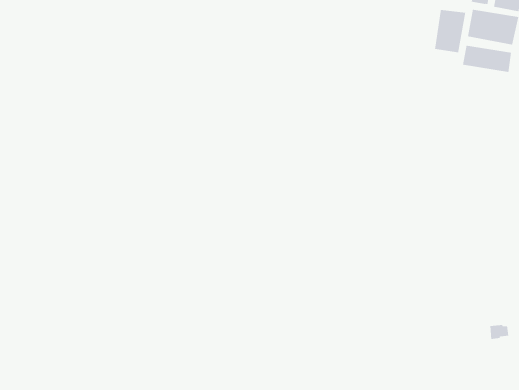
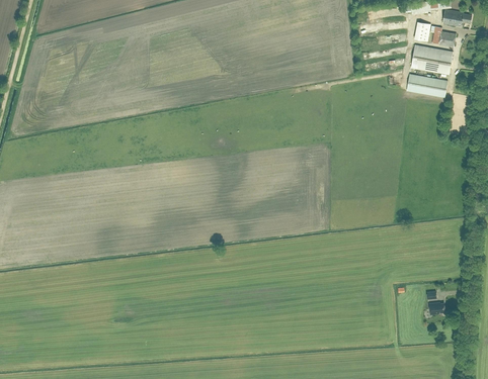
building: [435,9,466,53] -> none

